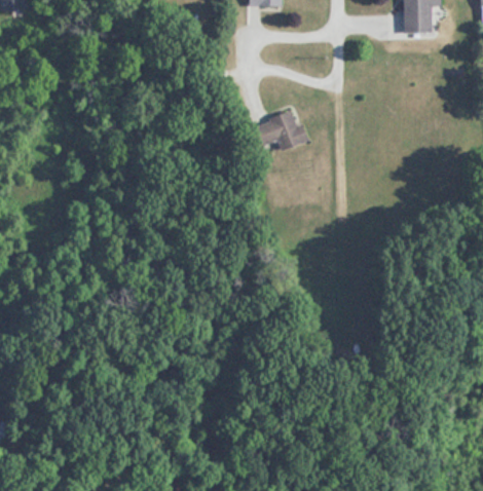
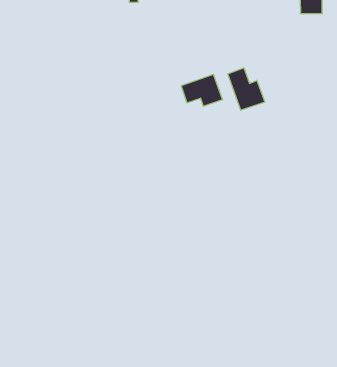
building: none -> [228,68,265,110]

